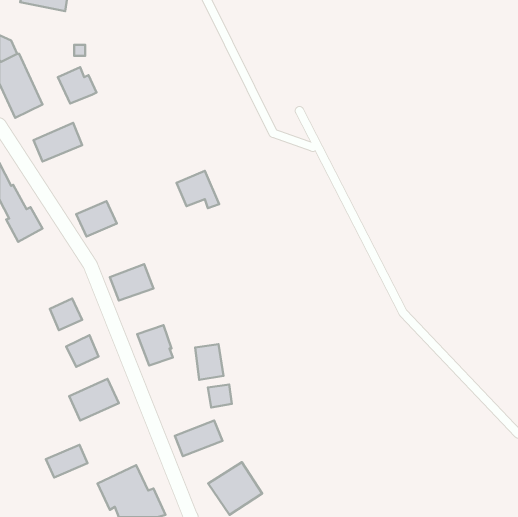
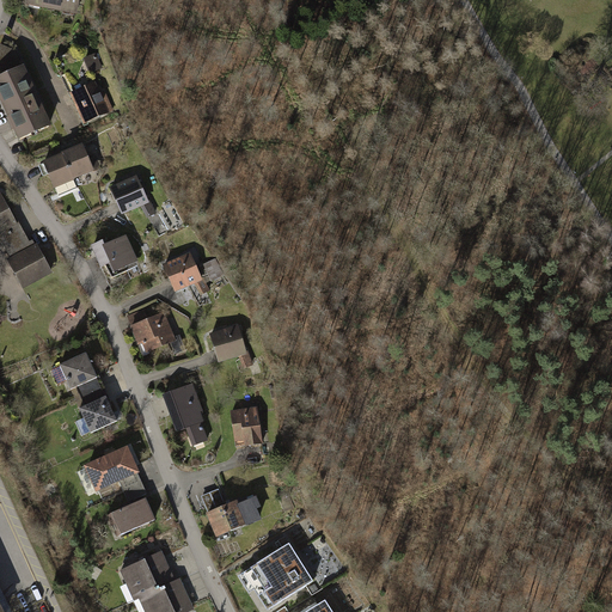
building: none -> [109,173,148,213]
building: [176,171,219,208] -> [160,251,210,295]
building: none -> [209,323,247,361]
building: [208,385,232,407] -> none
building: [46,445,88,477] -> [108,500,157,538]

